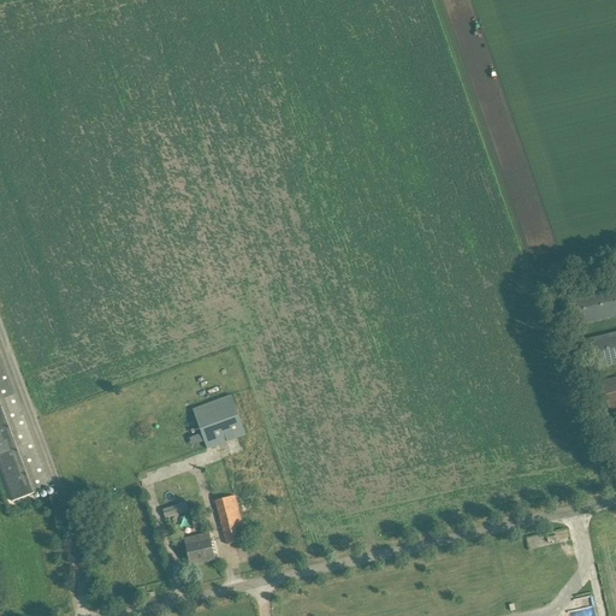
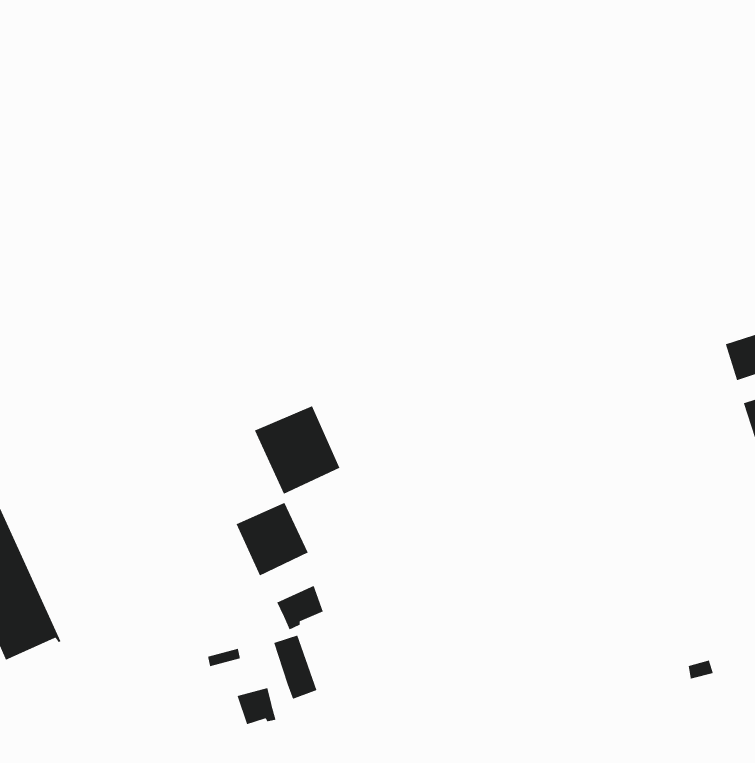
building: none -> [254,405,340,495]
building: none -> [276,585,324,631]

